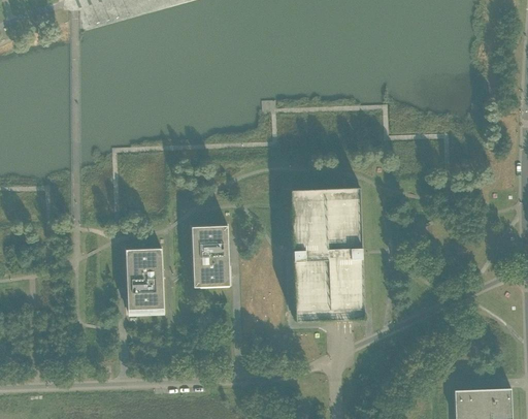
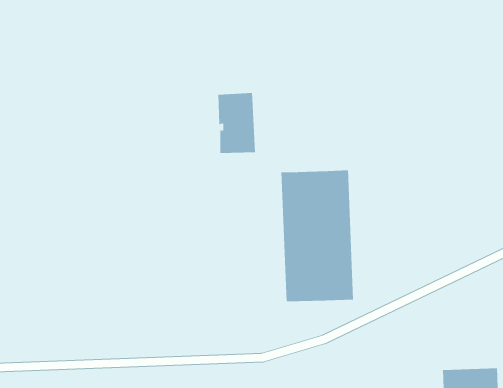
building: [191,225,230,287] -> [217,92,256,153]
building: [125,248,164,310] -> none

